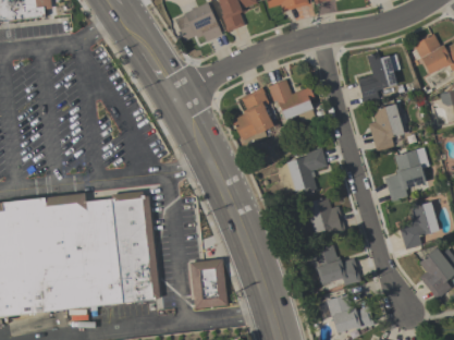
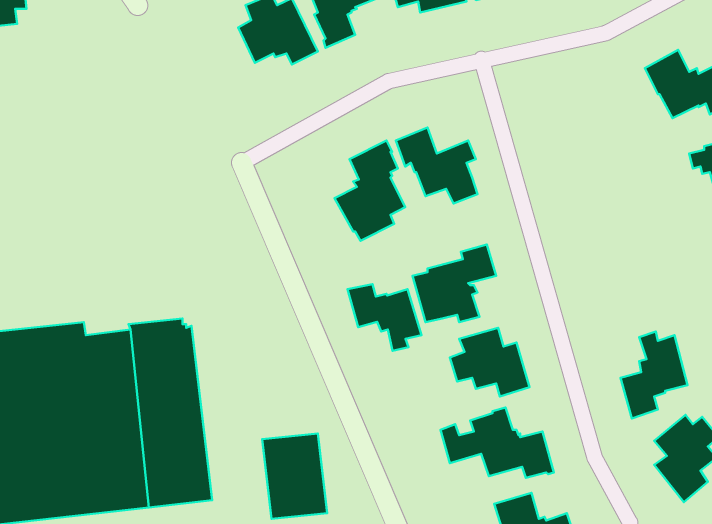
building: [357,52,400,102] -> none
building: [369,104,410,151] -> none
building: [385,148,429,202] -> none
building: none -> [347,284,421,351]

